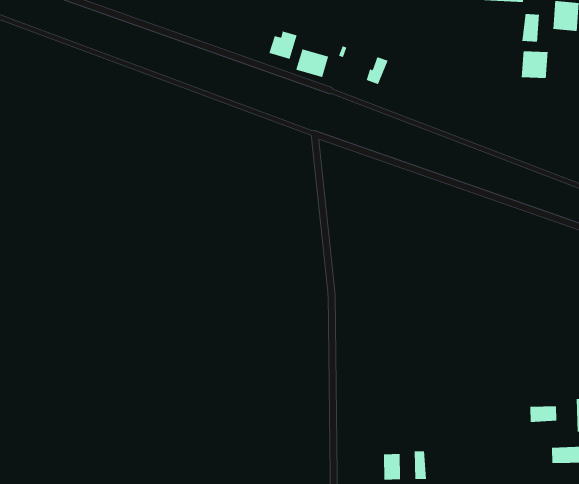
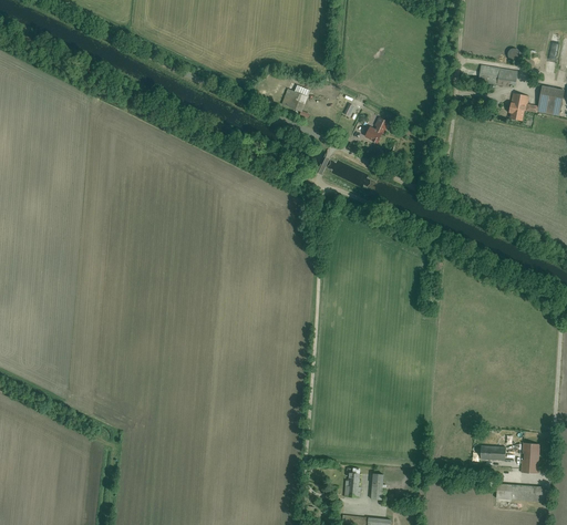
building: [296,49,329,78] -> none
building: [521,50,548,79] -> none

